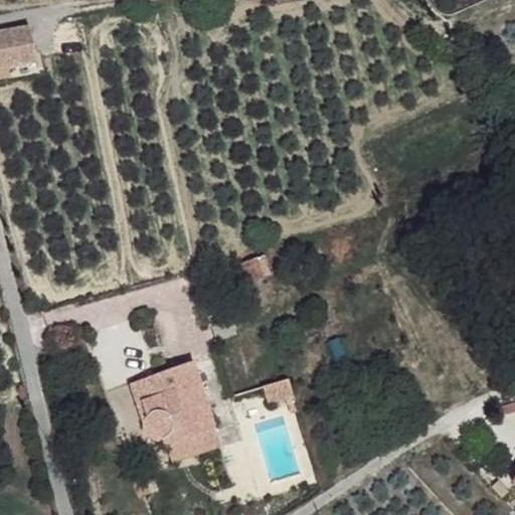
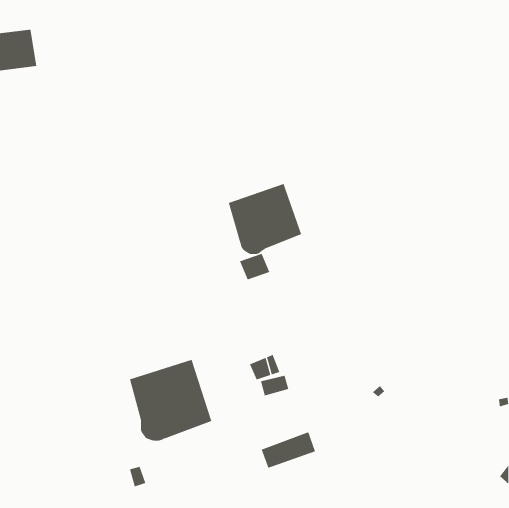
building: none -> [228,183,302,255]
building: [165,423,220,461] -> [261,432,316,469]

